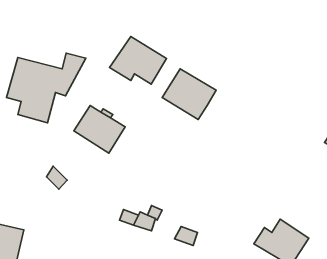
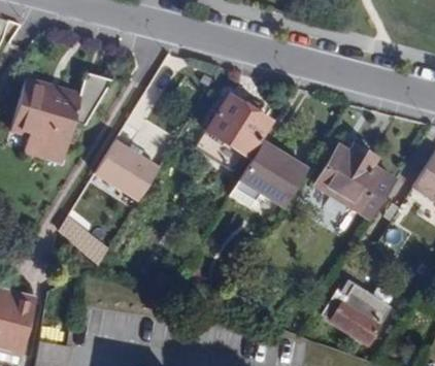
building: [110,37,167,84] -> none
building: none -> [239,140,308,207]
building: none -> [315,143,397,219]

